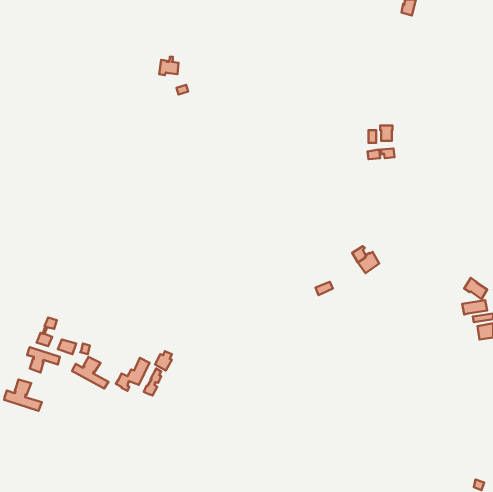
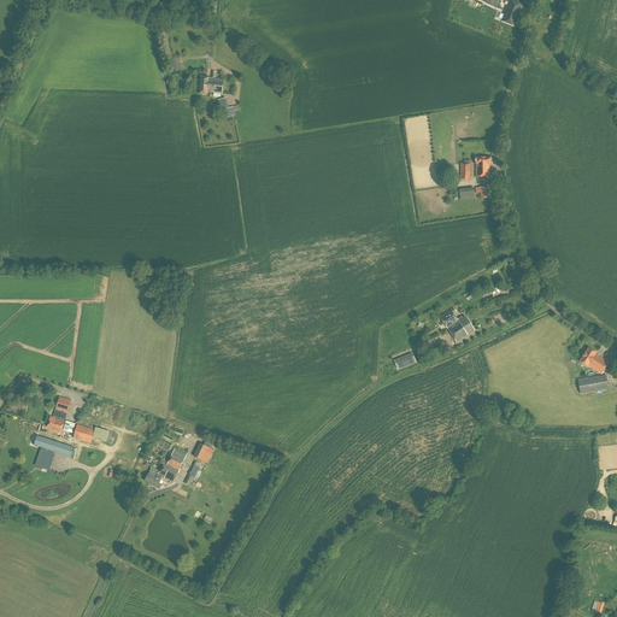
building: [72,357,109,389] -> none
building: [4,380,42,411] -> none

